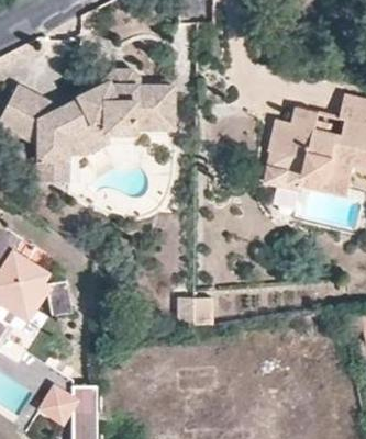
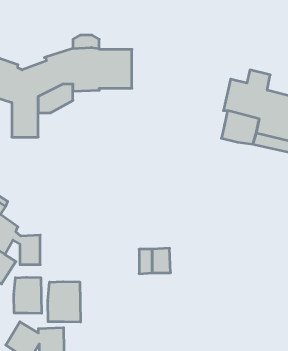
building: none -> [14,277,42,313]
building: none -> [48,282,81,322]

